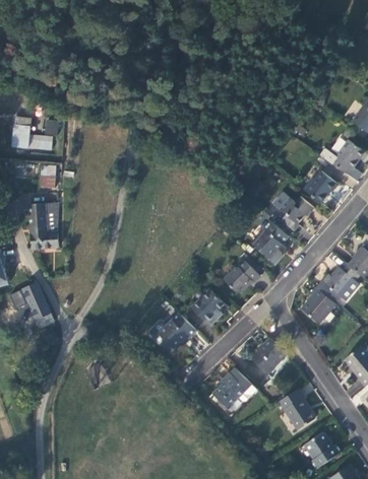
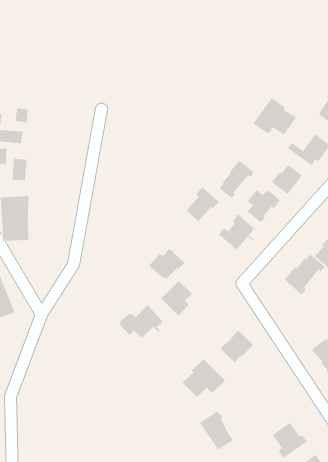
building: none -> [253,97,297,136]
building: none -> [219,160,255,199]
building: none -> [186,186,220,222]
building: [223,261,260,292] -> [148,248,185,279]
building: [301,287,335,324] -> none
building: [279,390,314,430] -> [199,411,234,451]

